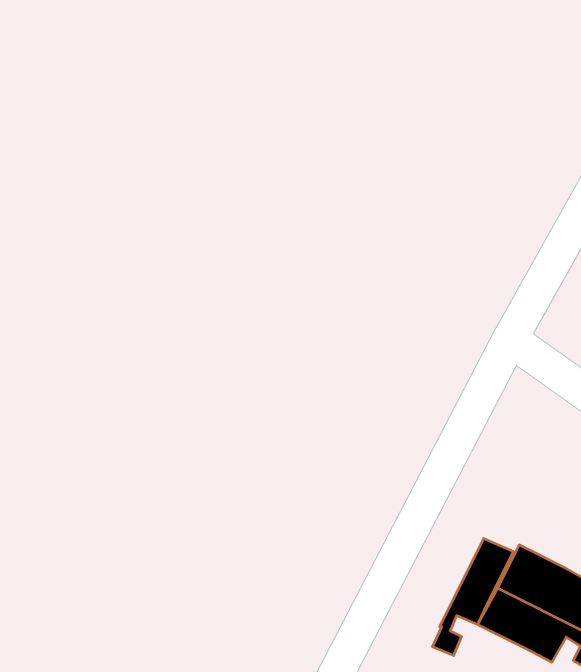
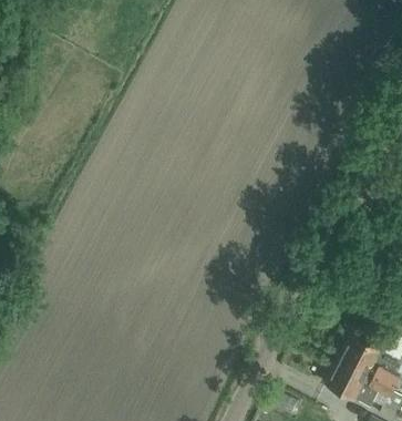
building: [432,538,513,656] -> none

